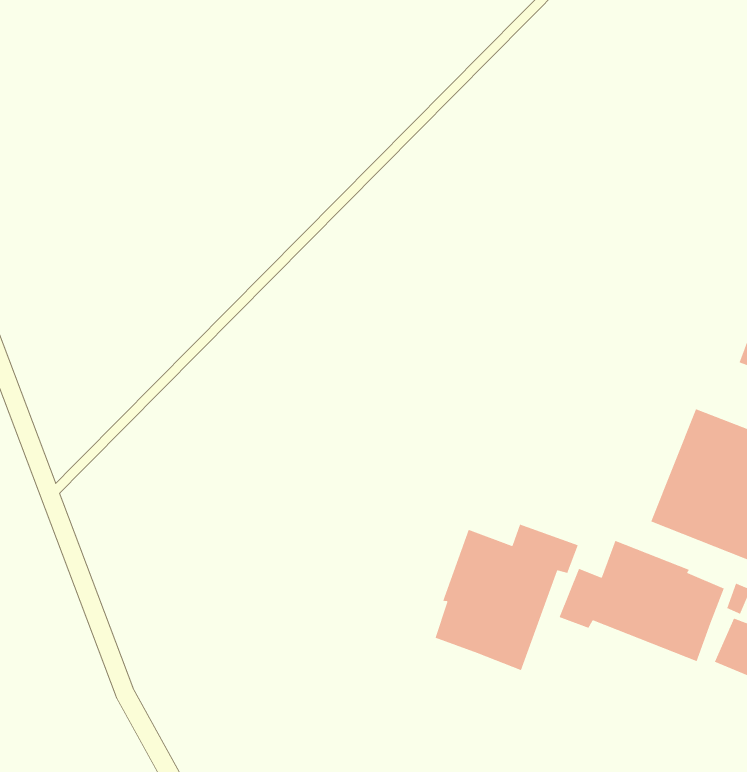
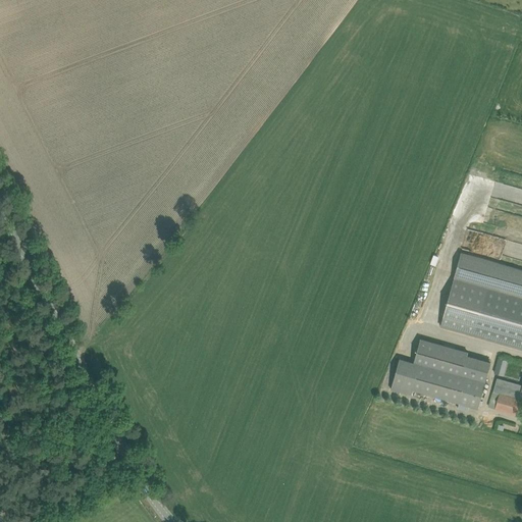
building: [435,524,579,671] -> none

